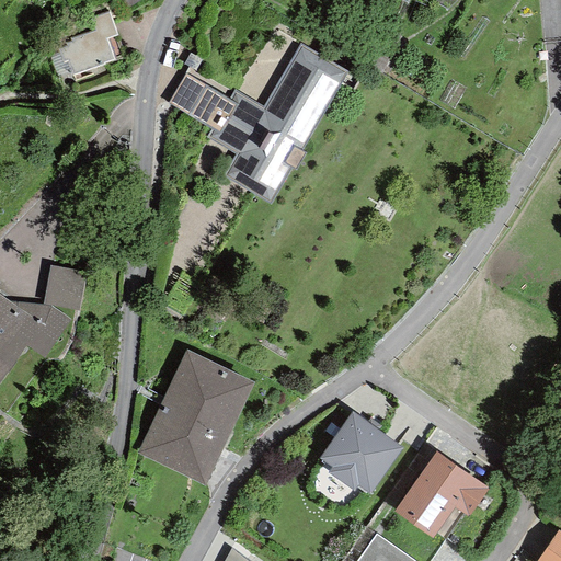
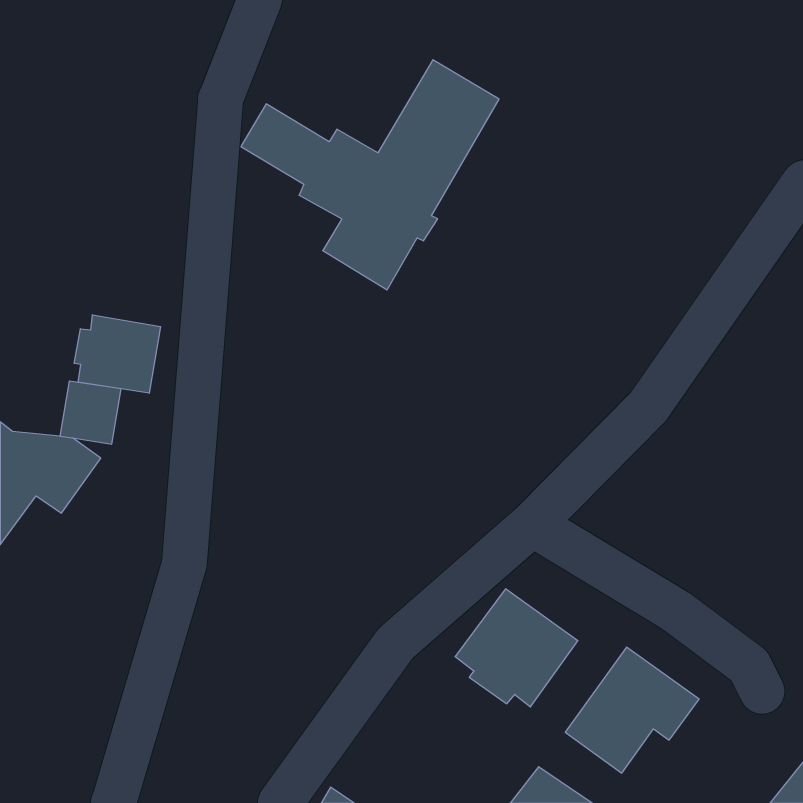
building: [59,11,117,73] -> none
building: none -> [74,315,161,393]
building: [138,350,254,485] -> none

